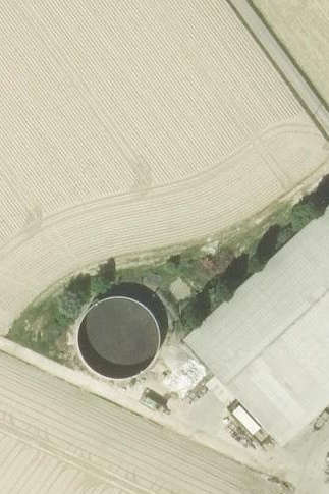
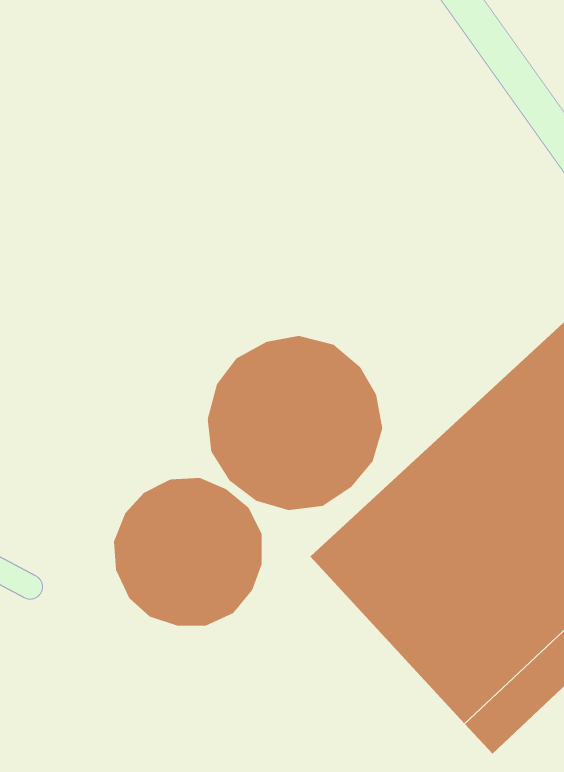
building: none -> [207,335,383,511]

